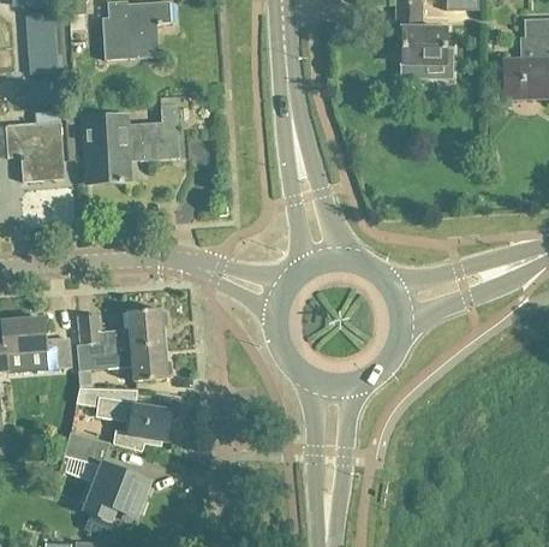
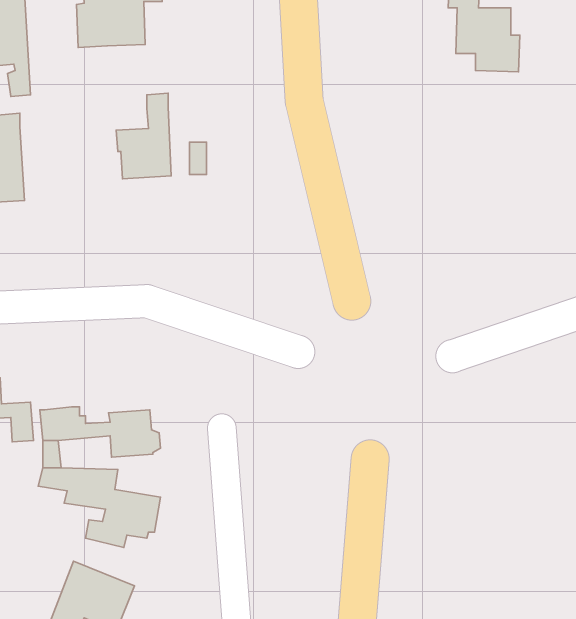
building: [83,115,141,182] -> none
building: [77,307,167,353] -> none
building: [65,432,101,462] -> none

